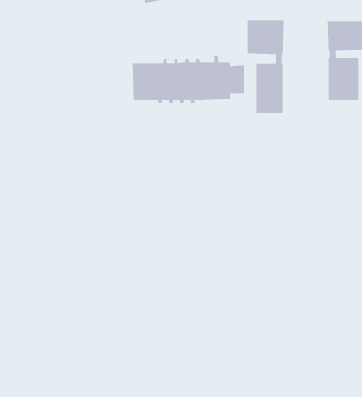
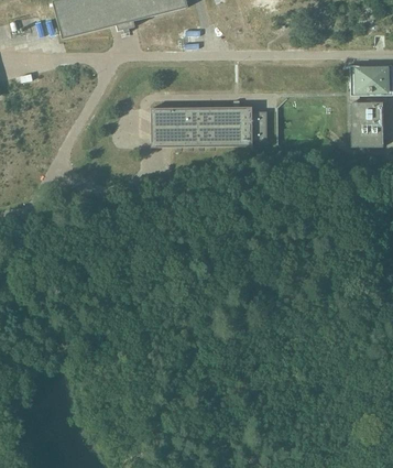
building: [247,19,284,114] -> none

